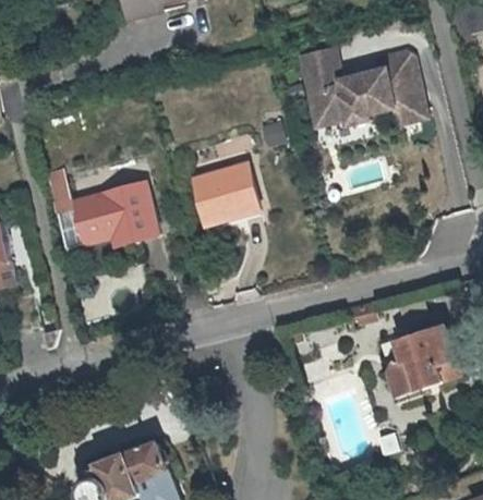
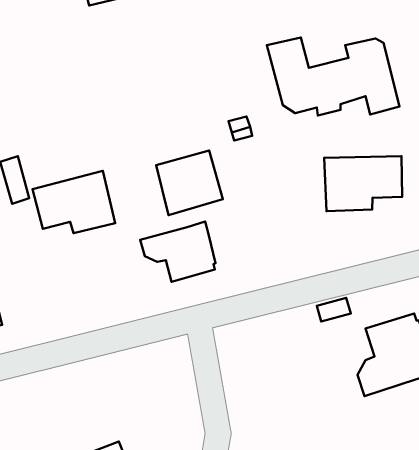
building: none -> [324,156,402,211]
building: none -> [140,222,215,282]

